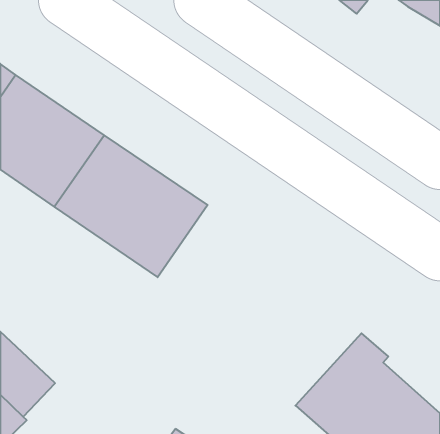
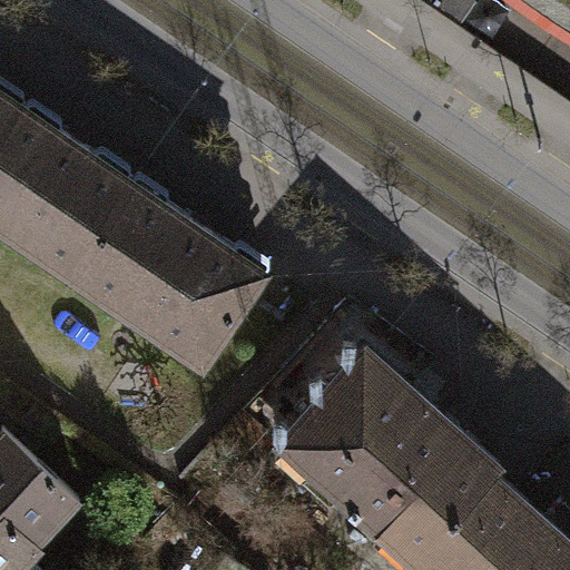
building: none -> [282,348,468,532]

